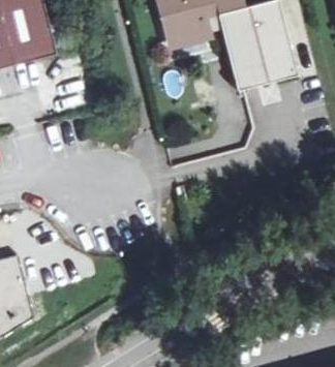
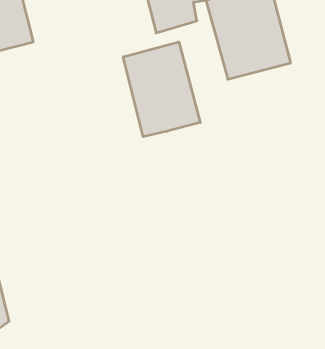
building: none -> [123,42,200,137]

